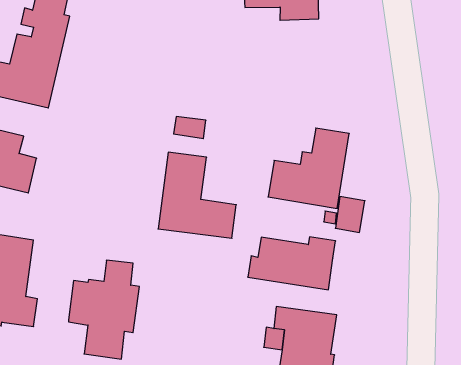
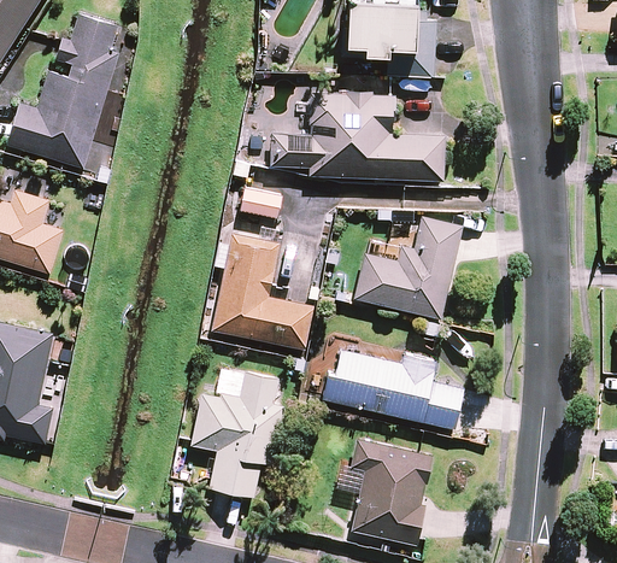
building: none -> [271,94,445,181]
building: [335,197,365,232] -> [423,382,463,429]
building: [69,260,139,359] -> [192,370,284,497]

